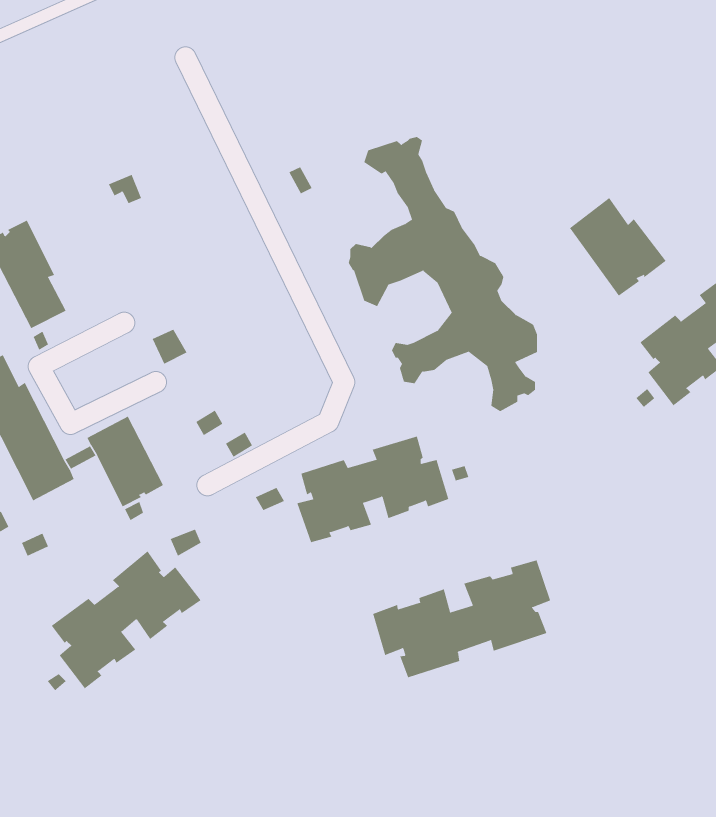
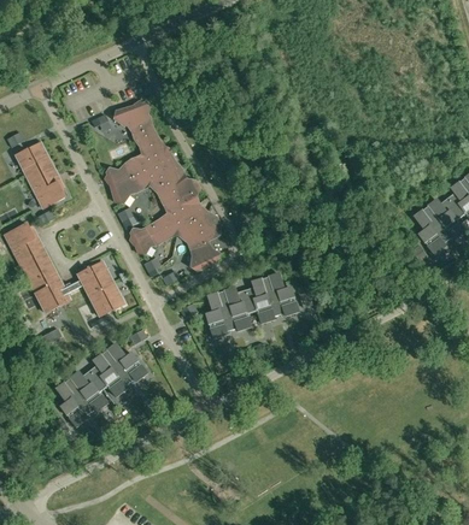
building: [348,136,538,412] -> [104,104,219,271]
building: [569,197,666,296] -> none
building: [372,560,551,678] -> none

